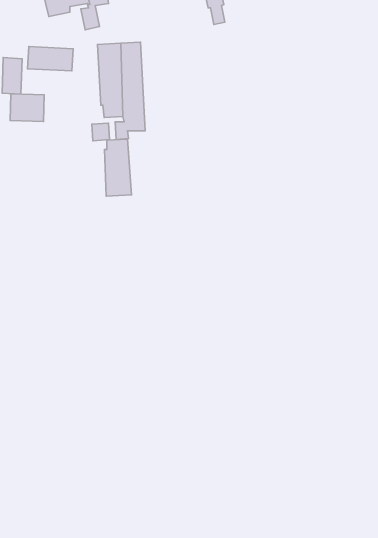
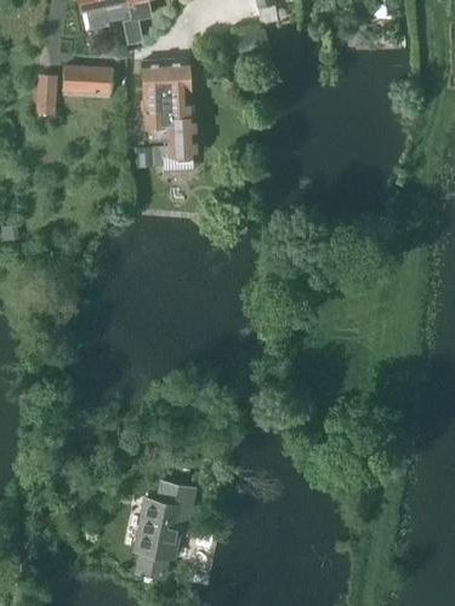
building: [10,94,44,122] -> none
building: [104,139,132,196] -> none
building: none -> [133,482,193,578]

